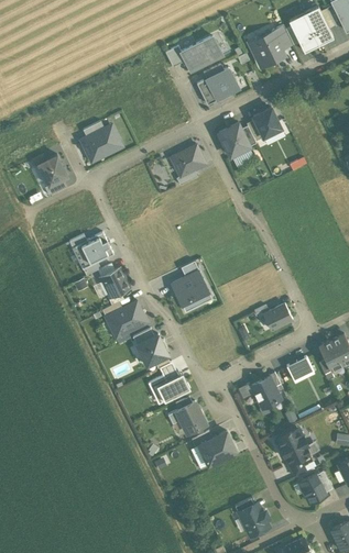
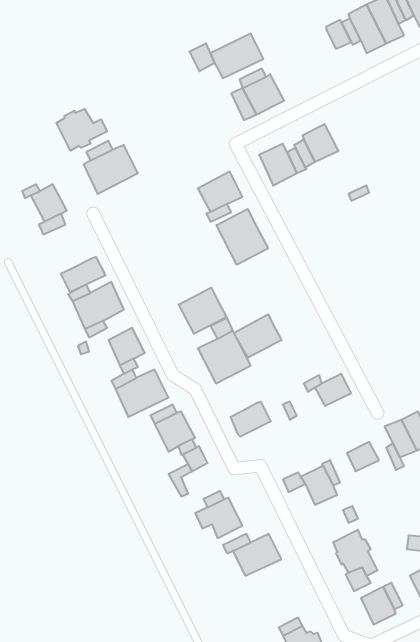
building: [250,33,283,66] -> none
building: none -> [56,109,107,151]
building: none -> [216,209,268,265]
building: none -> [61,257,106,292]
building: none -> [179,288,227,334]
building: none -> [234,314,282,357]
building: [157,374,189,401] -> [230,402,271,437]

